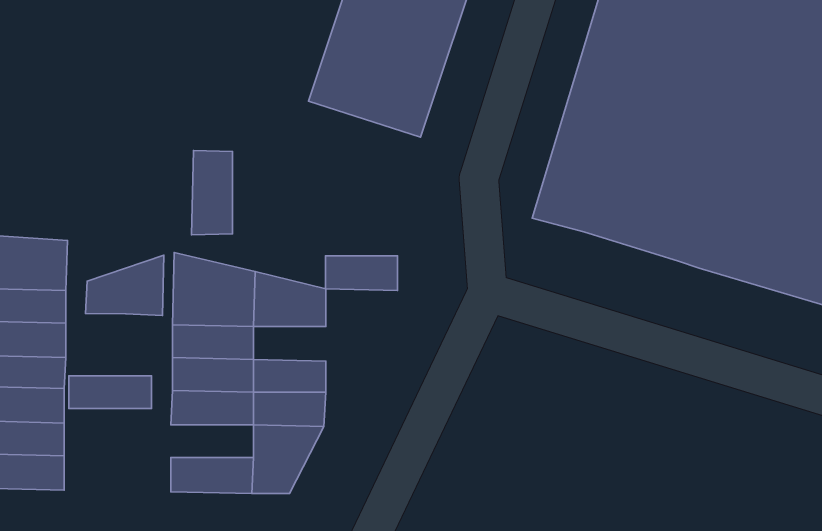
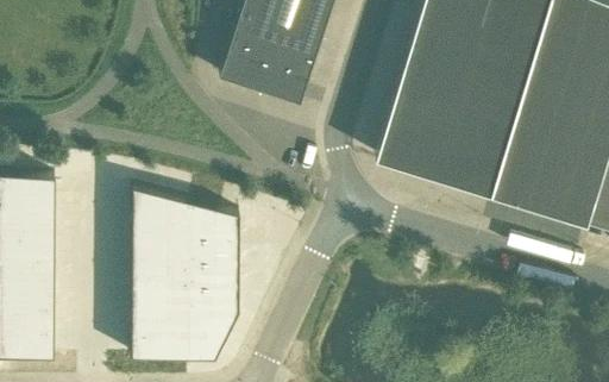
building: [192,151,233,235] -> none
building: [85,255,164,315] -> none
building: [325,256,398,290] -> [182,240,232,264]
building: [69,376,151,409] -> [125,308,182,331]

